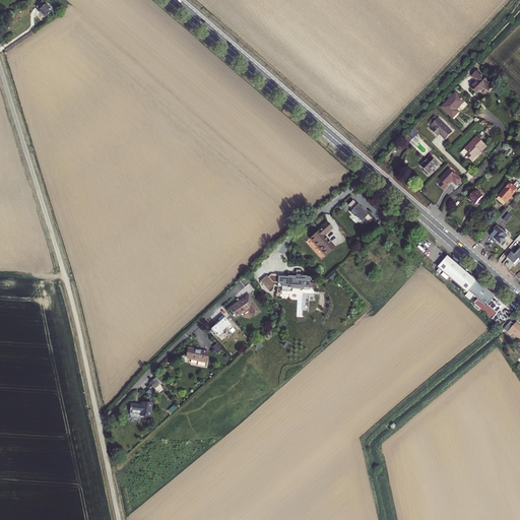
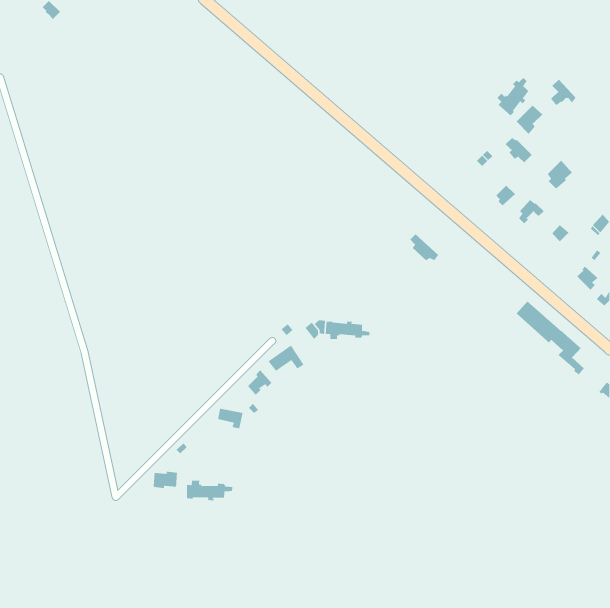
building: none -> [497,77,529,116]
building: [309,221,334,256] -> none
building: none -> [186,480,233,501]

